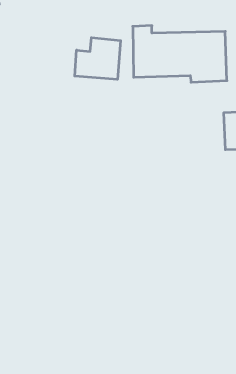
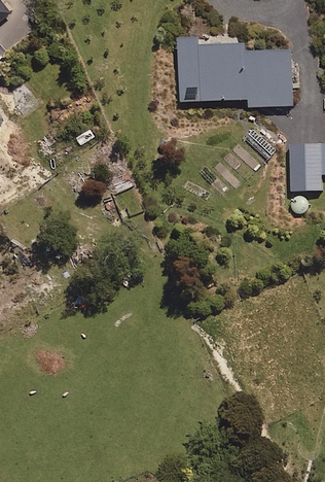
building: [75,38,121,79] -> none

